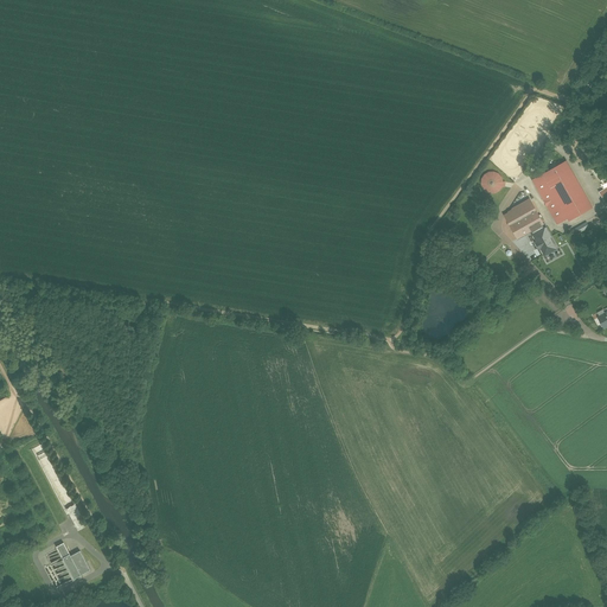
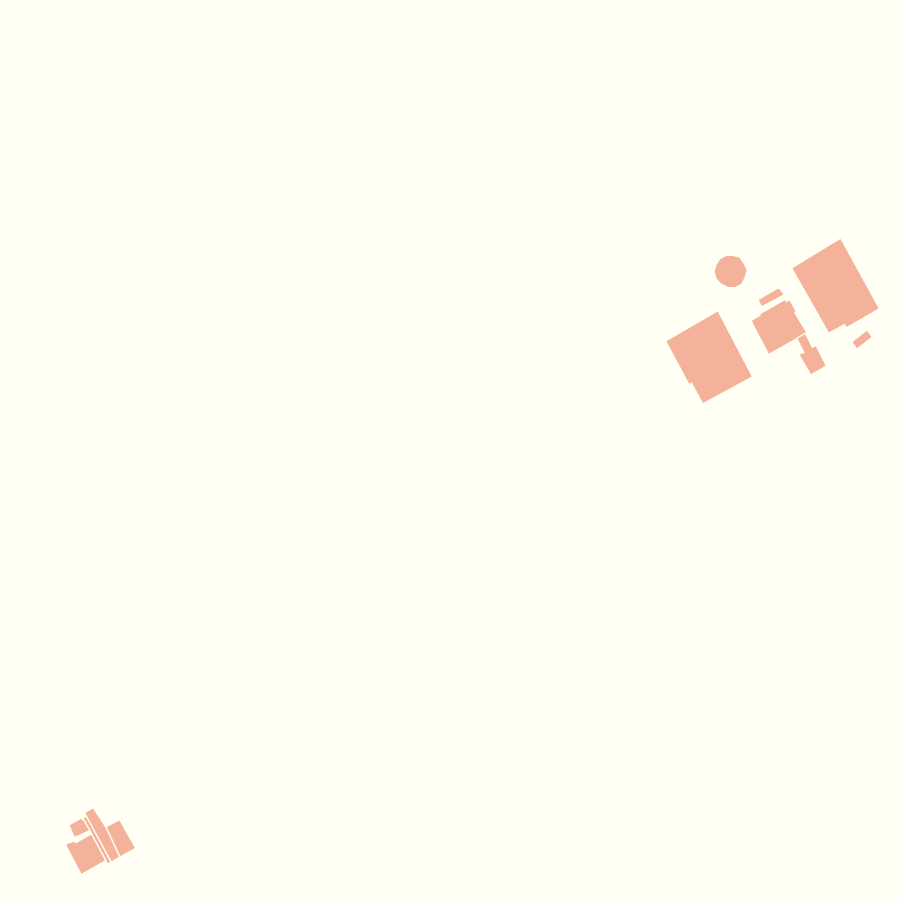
building: none -> [665,311,752,404]

